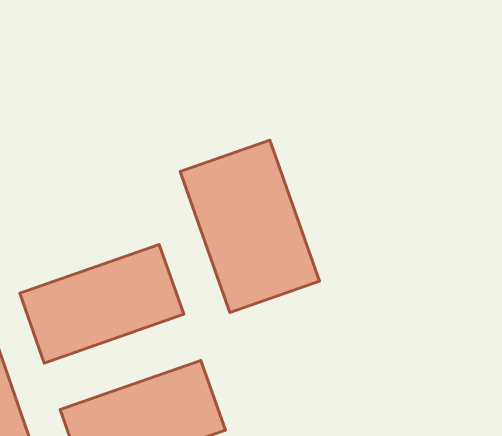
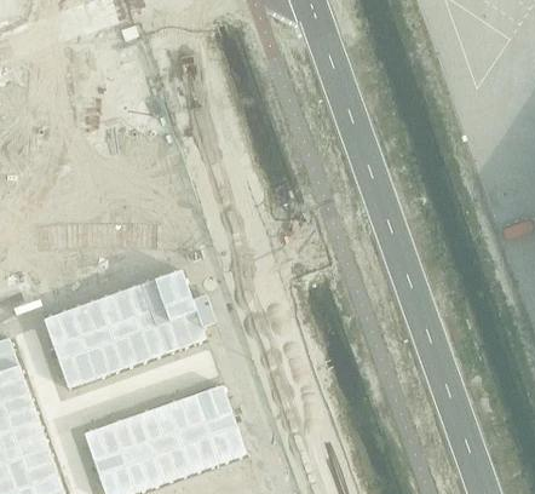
building: [180,140,319,312] -> none

